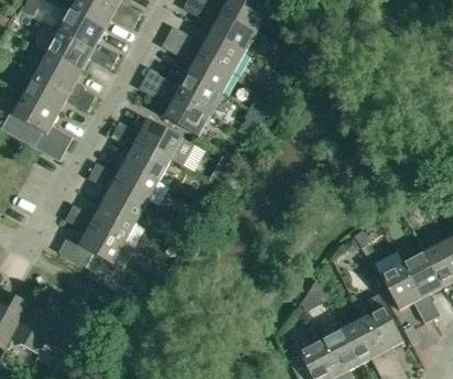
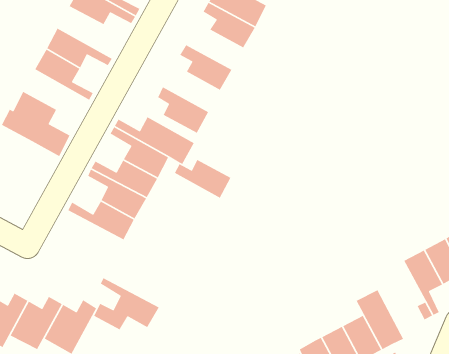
building: [58,10,118,62] -> none
building: [186,33,244,73] -> none
building: [24,73,90,112] -> none
building: [163,75,220,115] -> [174,159,231,199]
building: [58,213,125,266] -> [93,277,160,330]
building: [380,262,421,308] -> none

